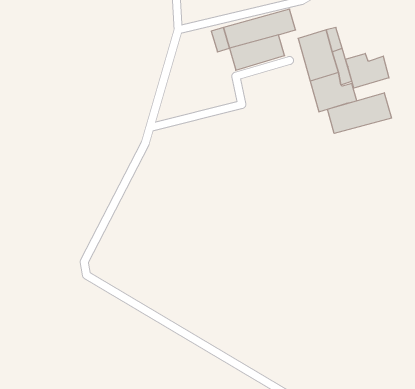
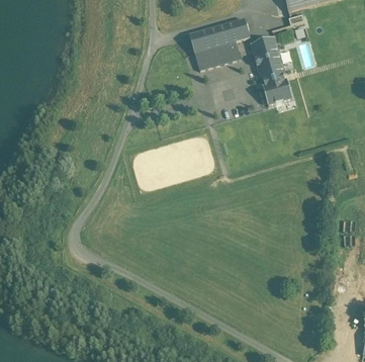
building: [345,53,389,88] -> none
building: [328,93,392,133] -> none

